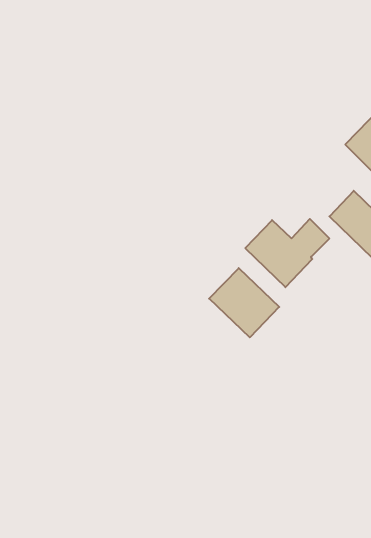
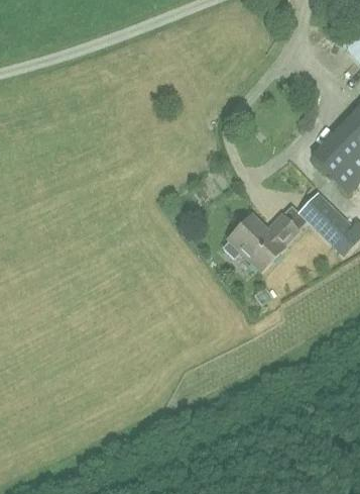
building: [209,268,279,337] -> none

